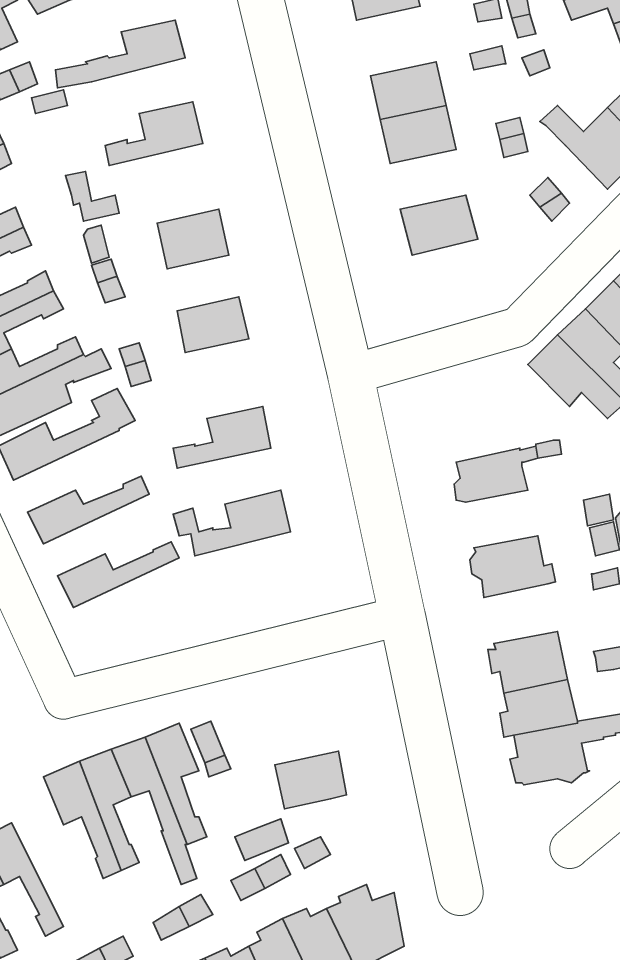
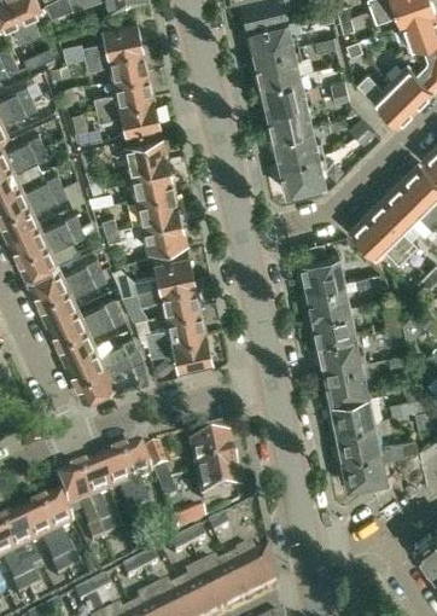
building: none -> [247,22,293,58]
building: none -> [85,47,146,81]
building: none -> [95,99,158,133]
building: none -> [266,103,311,139]
building: none -> [279,157,325,194]
building: none -> [130,167,174,201]
building: none -> [141,217,186,252]
building: none -> [296,256,344,292]
building: none -> [37,273,106,322]
building: none -> [136,284,199,318]
building: none -> [310,309,355,344]
building: none -> [56,312,126,361]
building: none -> [147,335,211,368]
building: none -> [74,350,144,401]
building: none -> [322,365,368,402]
building: none -> [191,430,234,476]
building: none -> [36,500,78,574]

